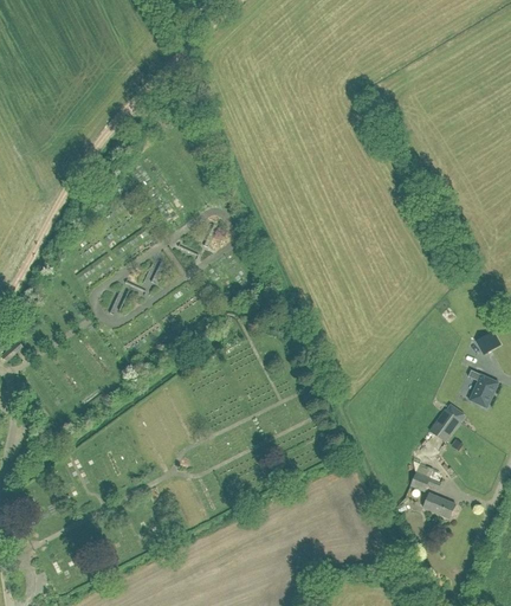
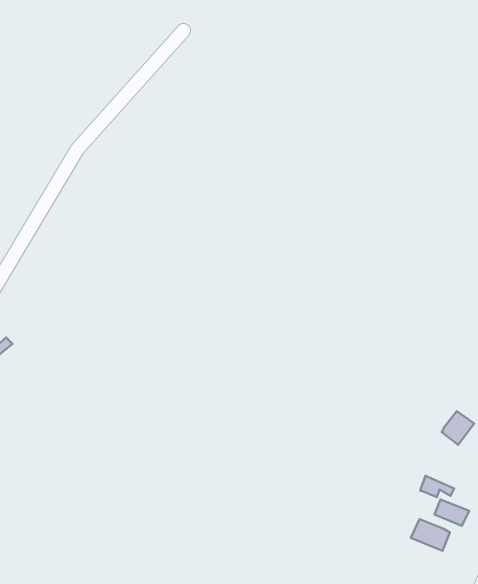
building: none -> [411,519,450,551]

